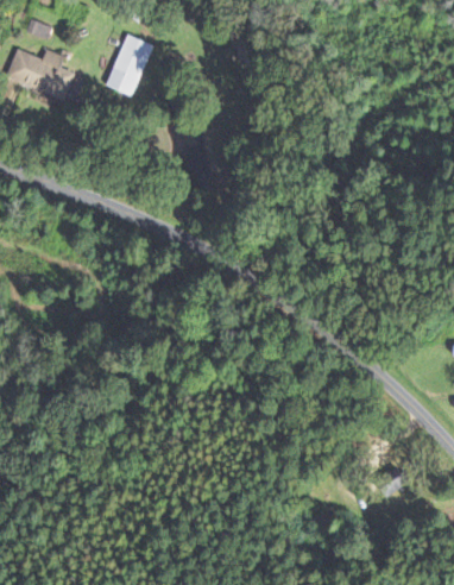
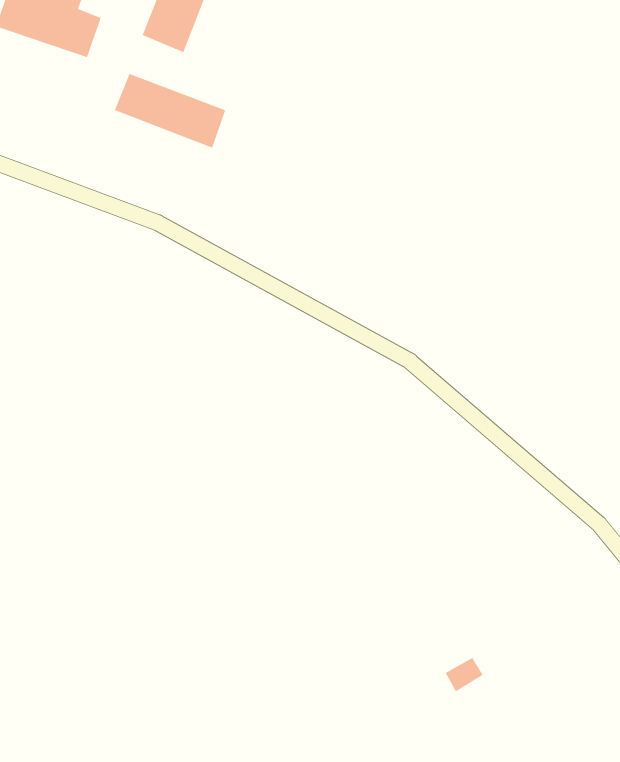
building: none -> [114,73,226,148]

